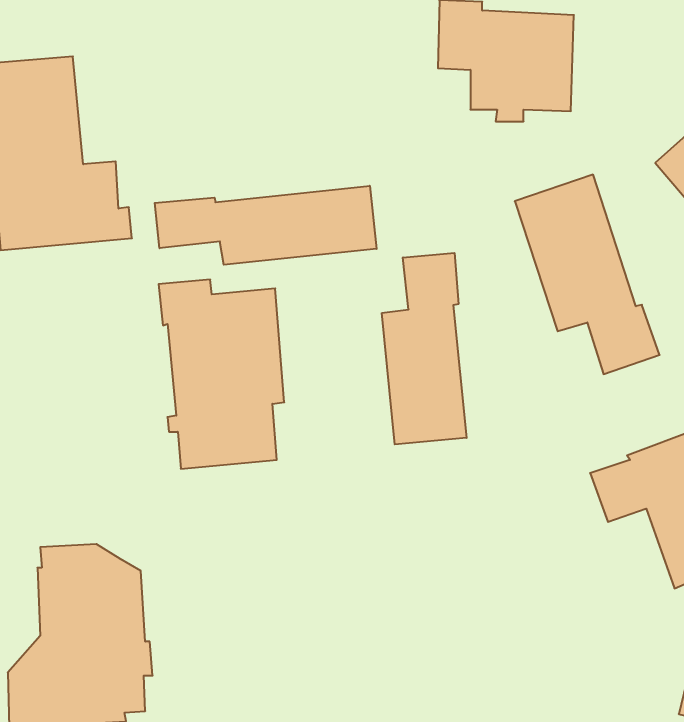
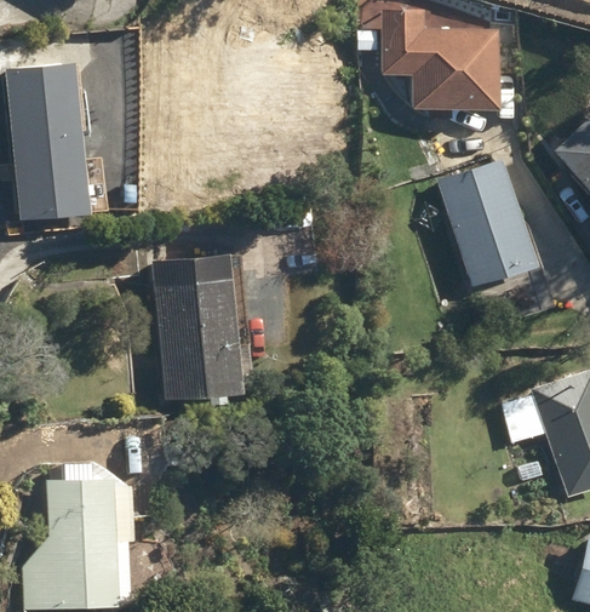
building: [155,186,377,265] -> none
building: [382,253,467,444] -> none

